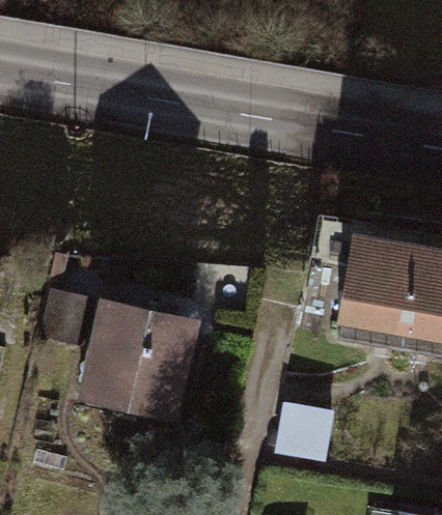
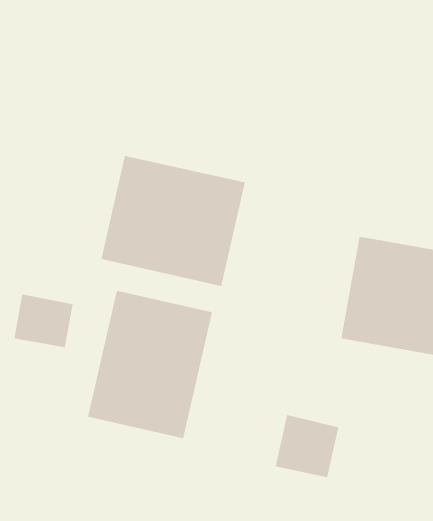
building: none -> [101,155,246,287]

